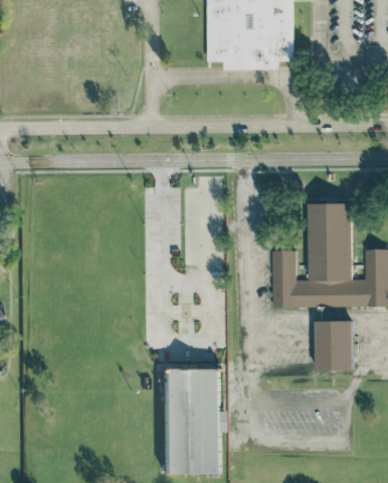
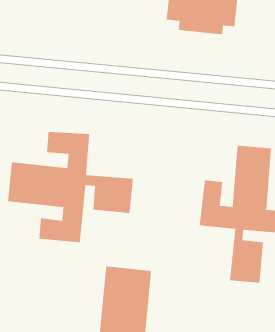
building: none -> [7,131,133,243]

